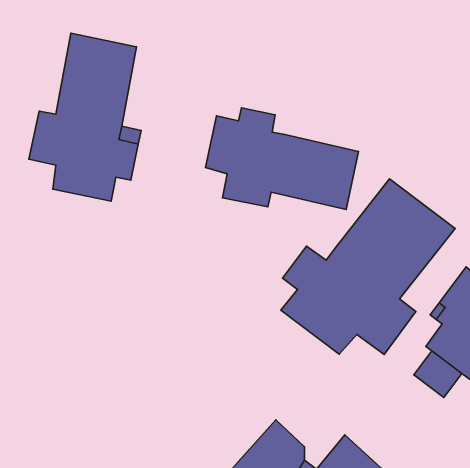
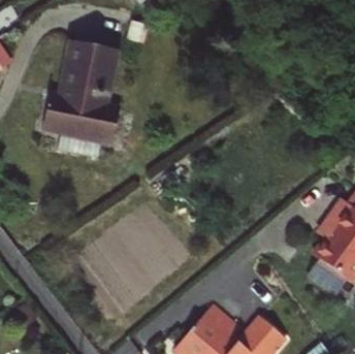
building: [205,108,359,210] -> none
building: [281,179,455,355] -> none

